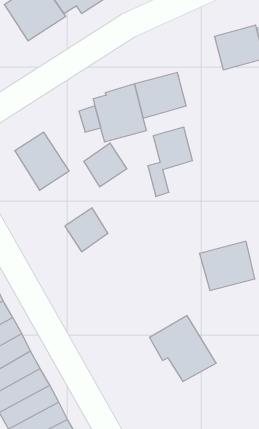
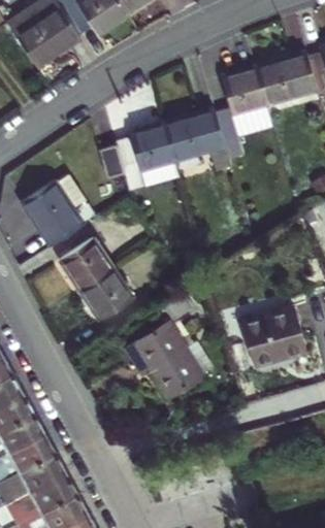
building: [148,127,193,197] -> [217,65,269,146]
building: [84,143,127,187] -> [65,236,116,288]
building: [149,316,216,382] -> [126,322,204,399]

